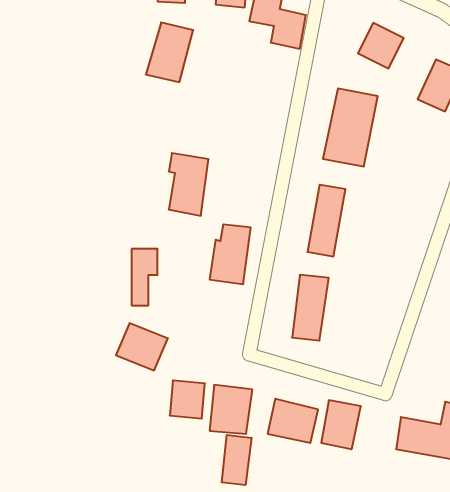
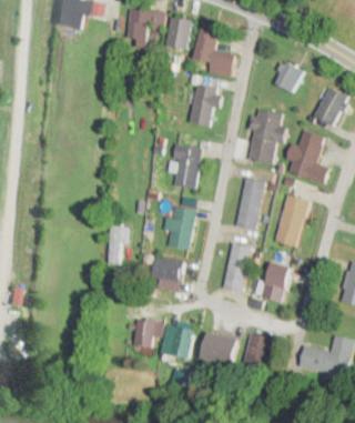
building: [146,22,193,82] -> [187,84,222,128]
building: none -> [287,129,329,182]
building: [169,153,209,216] -> [172,144,201,190]
building: none -> [275,194,310,248]
building: none -> [262,261,294,304]
building: [116,323,168,370] -> [148,255,185,290]
building: [222,435,252,485] -> none

